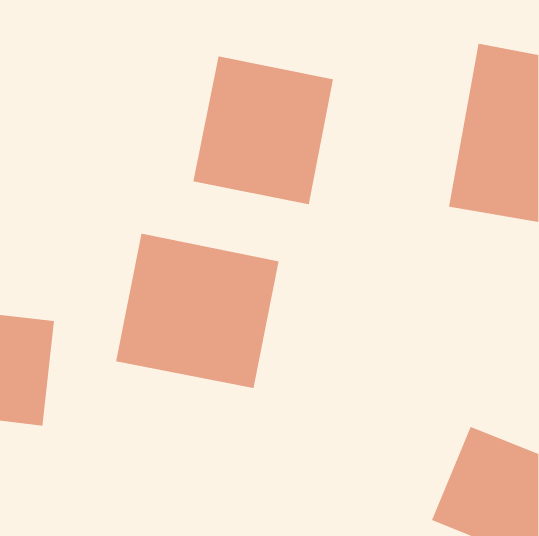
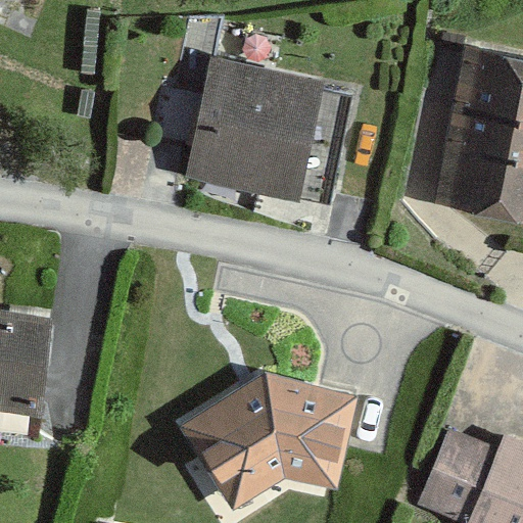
building: [115,233,279,389] -> none
building: none -> [177,371,358,511]

